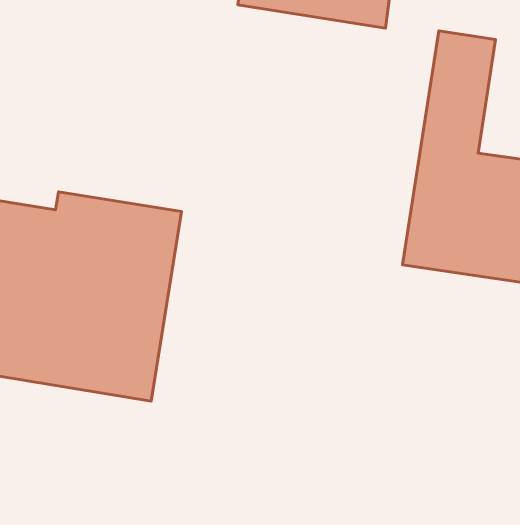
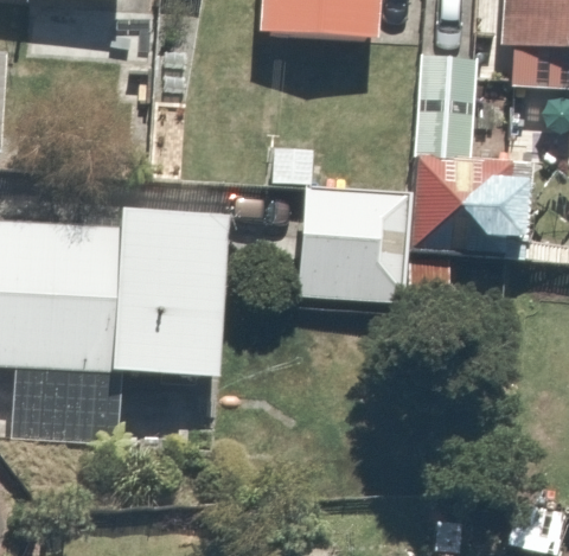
building: none -> [298,188,411,298]

